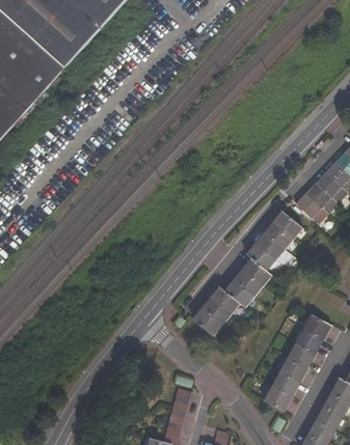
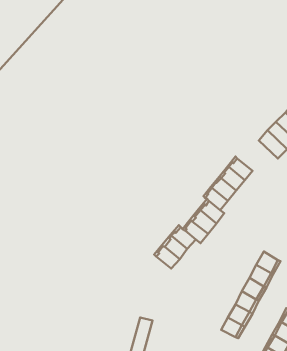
building: [298,192,329,223] -> none

